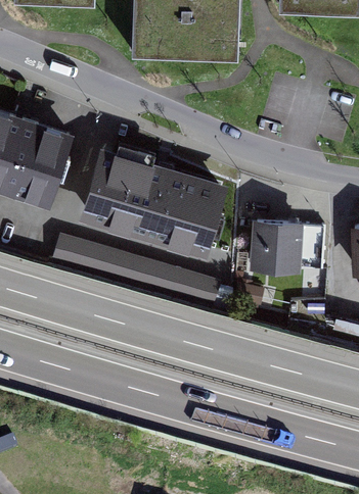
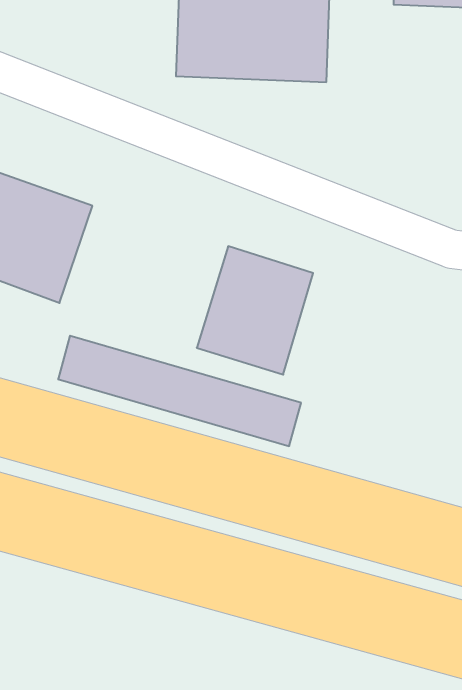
building: [78,149,167,239] -> none
building: [252,223,306,273] -> none

